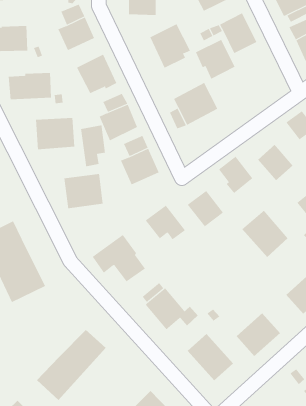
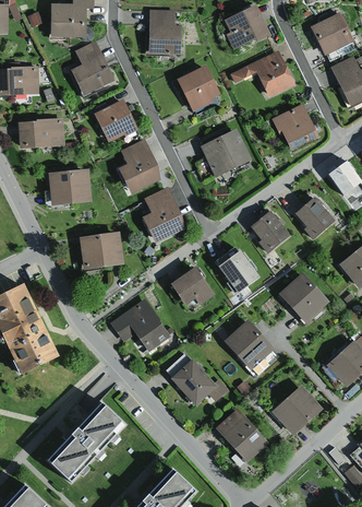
building: [195,39,235,79] -> [273,105,317,150]
building: [81,125,105,167] -> none
building: none -> [222,318,279,378]

